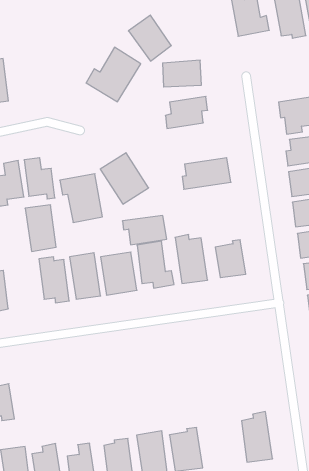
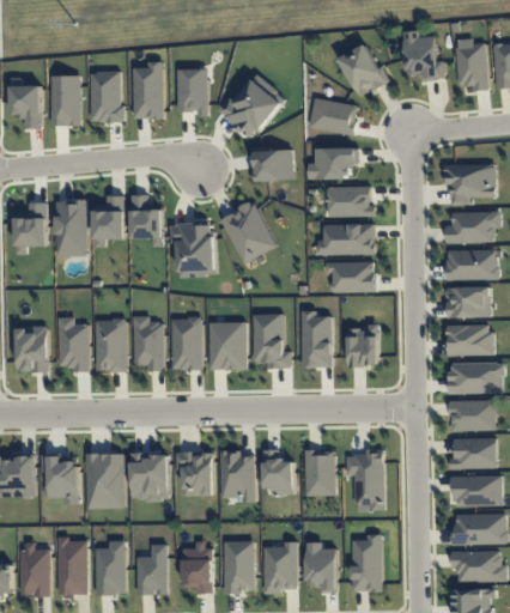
building: [128,15,171,61] -> [338,43,387,98]
building: none -> [132,61,163,119]
building: none -> [176,69,207,116]
building: none -> [253,148,293,181]
building: none -> [327,187,374,217]
building: [25,205,56,251] -> [95,320,126,372]
building: [122,216,167,245] -> [324,262,375,292]
building: none -> [345,451,384,511]
building: none -> [304,450,335,496]
building: none -> [262,450,293,493]
building: none -> [219,451,254,503]
building: none -> [175,451,213,496]
building: none -> [130,454,169,499]
building: none -> [85,453,125,509]
building: none -> [304,542,336,593]

